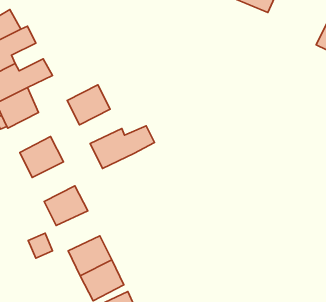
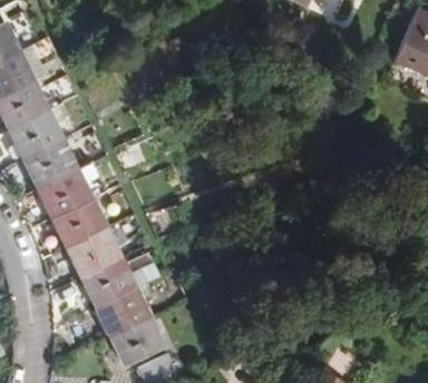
building: [67,85,110,125] -> [23,138,75,186]
building: [90,126,154,168] -> [81,253,158,304]
building: none -> [52,197,104,245]

